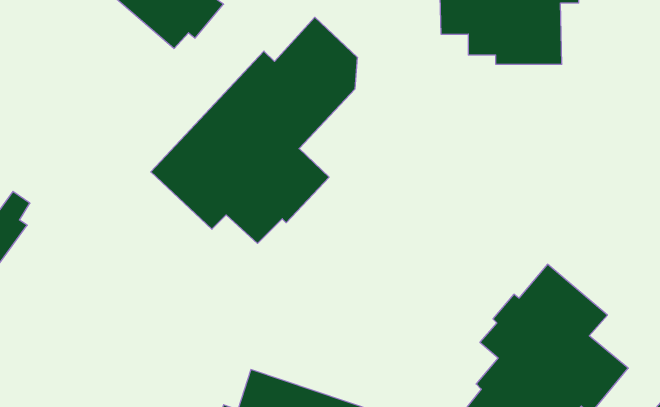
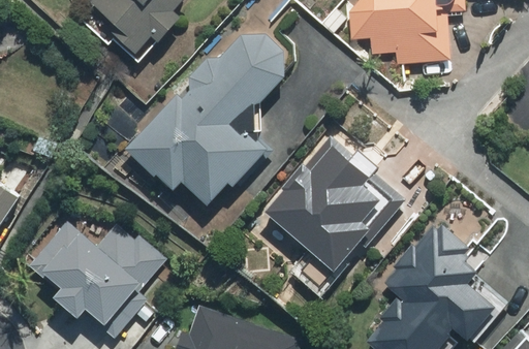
building: none -> [262,136,406,274]
building: none -> [42,222,165,330]

